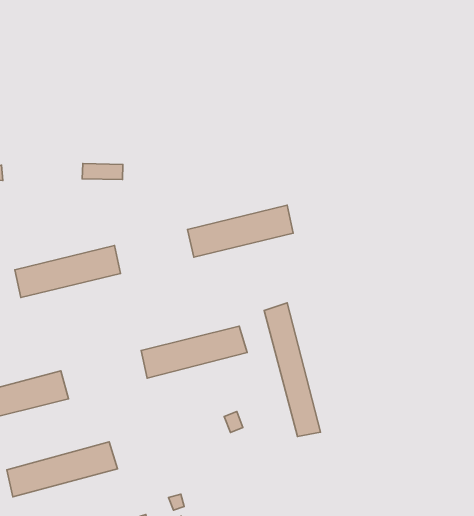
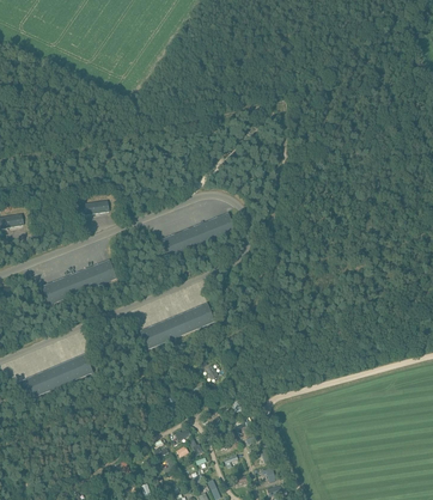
building: [264,303,321,437] -> none
building: [7,442,118,497] -> none

